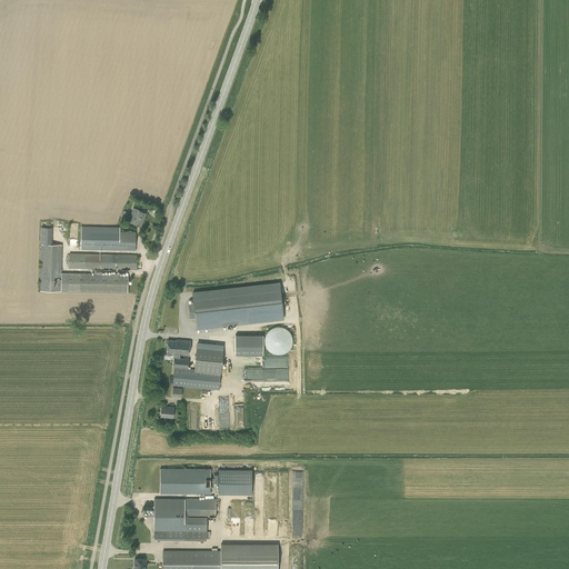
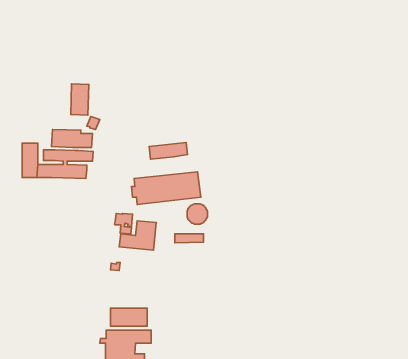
building: none -> [71,84,89,115]
building: none -> [149,142,188,159]
building: [236,333,263,355] -> none
building: [219,468,252,493] -> none

